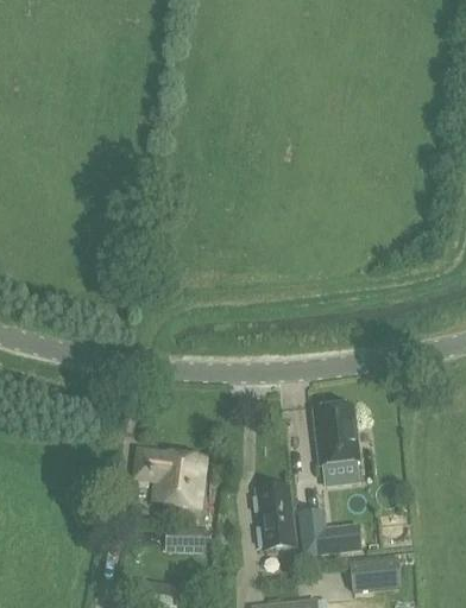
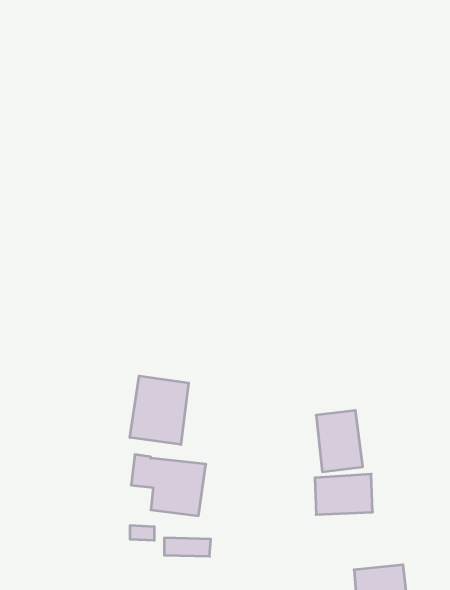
building: none -> [130,376,189,445]
building: [258,484,294,547] -> none
building: [298,507,364,553] -> none

